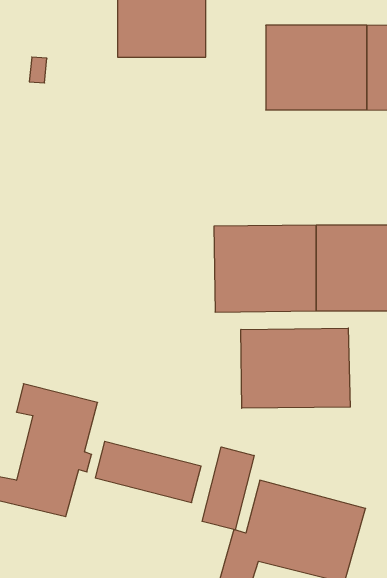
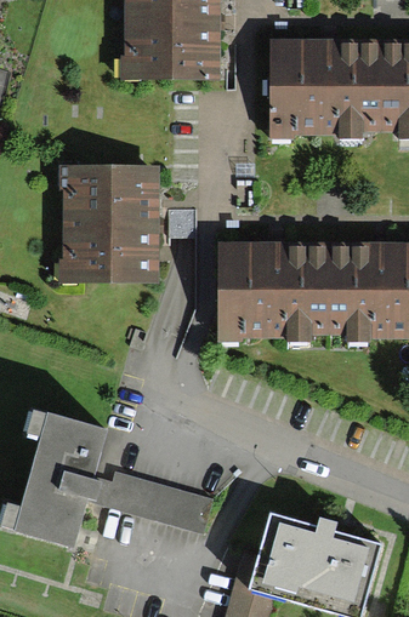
building: none -> [63,167,155,280]
building: [241,328,350,408] -> none
building: [202,447,254,530] -> none

